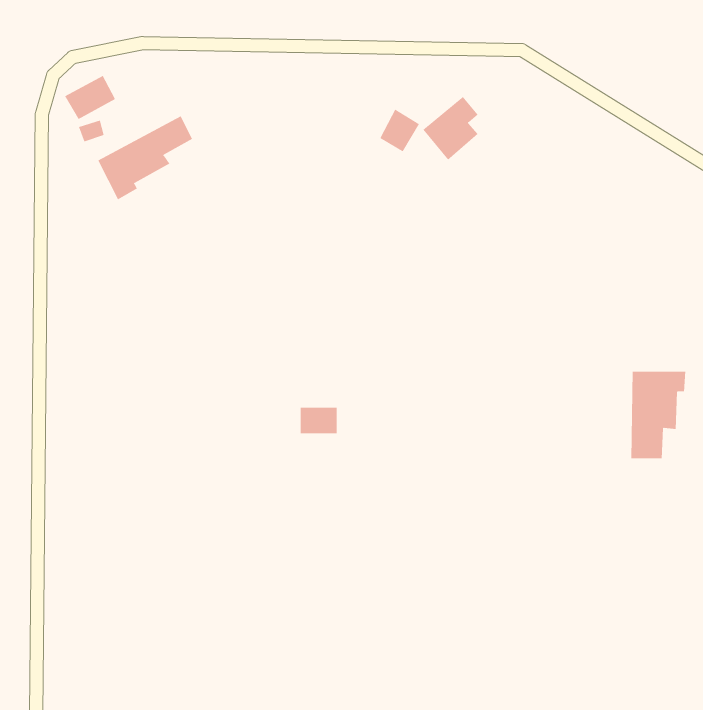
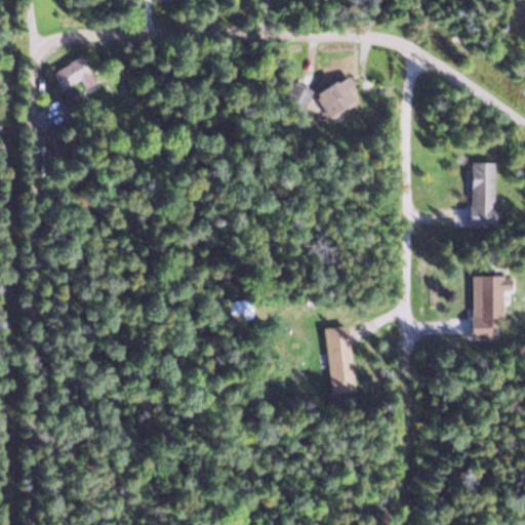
building: [97,115,193,200] -> none
building: none -> [471,162,497,224]
building: none -> [325,326,356,395]

